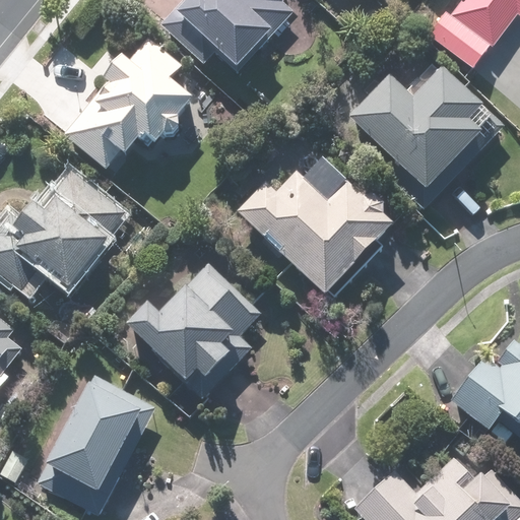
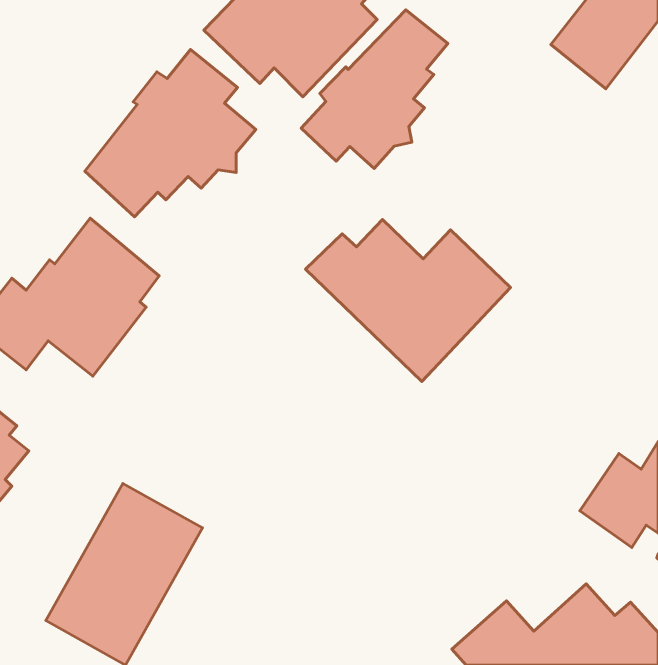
building: none -> [301,10,448,168]
building: [339,67,486,209] -> none
building: [129,265,260,417] -> none

